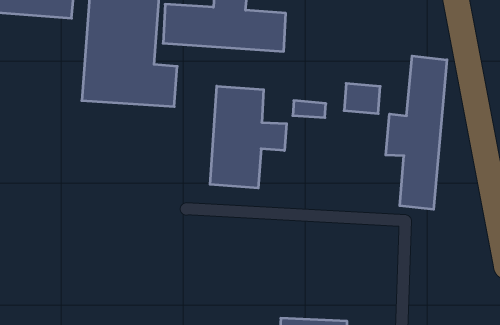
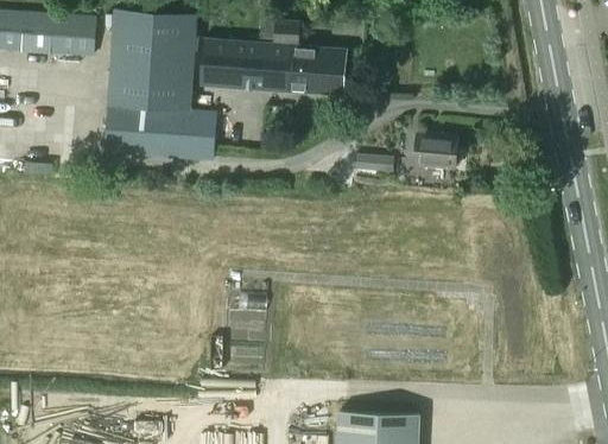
building: [386,56,447,209] -> none
building: [210,86,287,188] -> none

